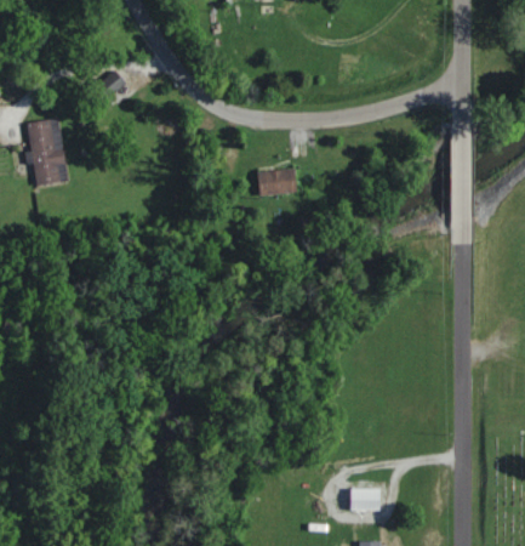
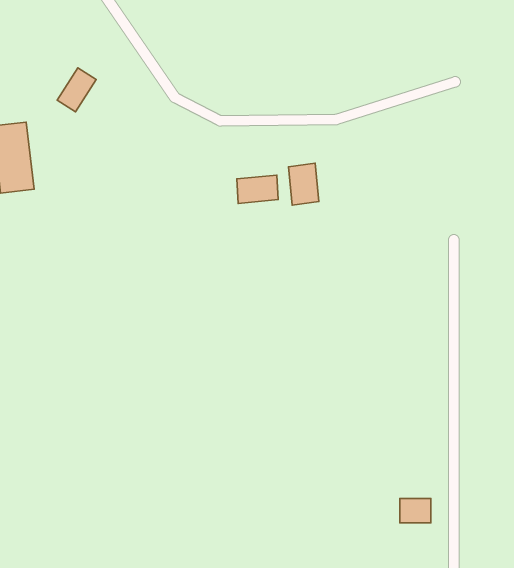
building: none -> [288,163,319,205]
building: [350,488,380,511] -> [400,498,431,523]

